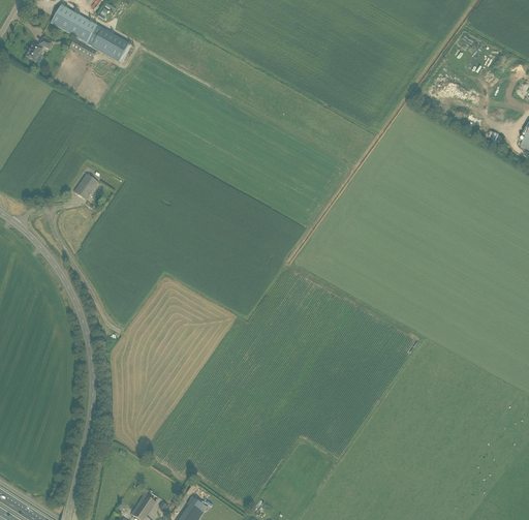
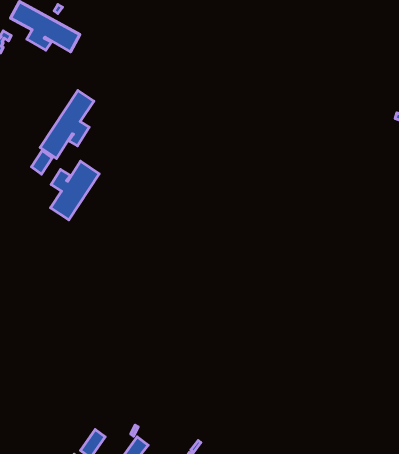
building: none -> [40,91,94,159]
building: none -> [50,161,99,220]

